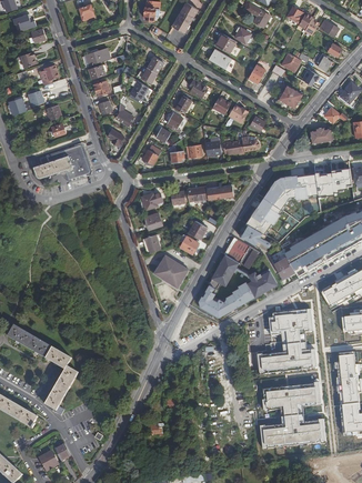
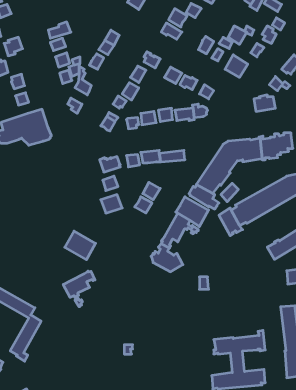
building: [154,255,188,286] -> [65,231,96,260]
building: [224,268,278,310] -> none
building: [260,309,315,370] -> none
building: none -> [63,271,95,307]

